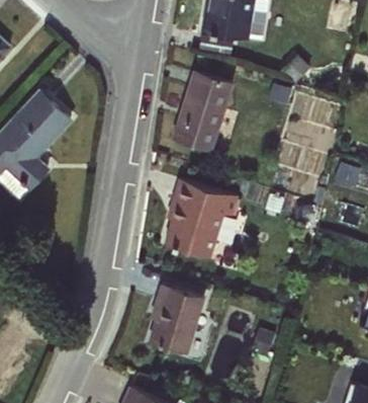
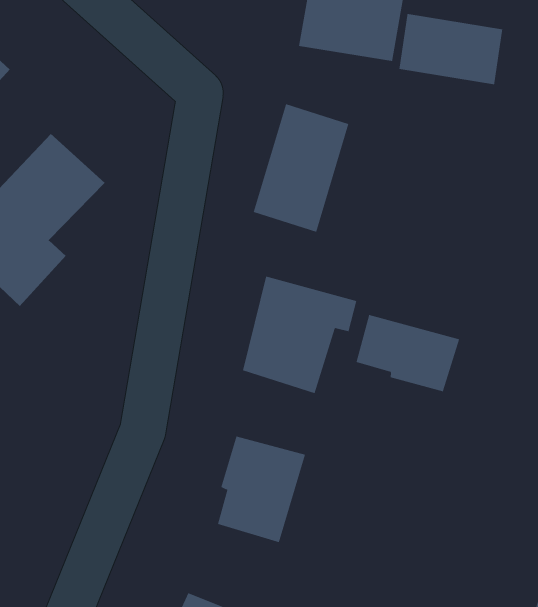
building: none -> [399,13,503,85]
building: none -> [356,314,460,392]

